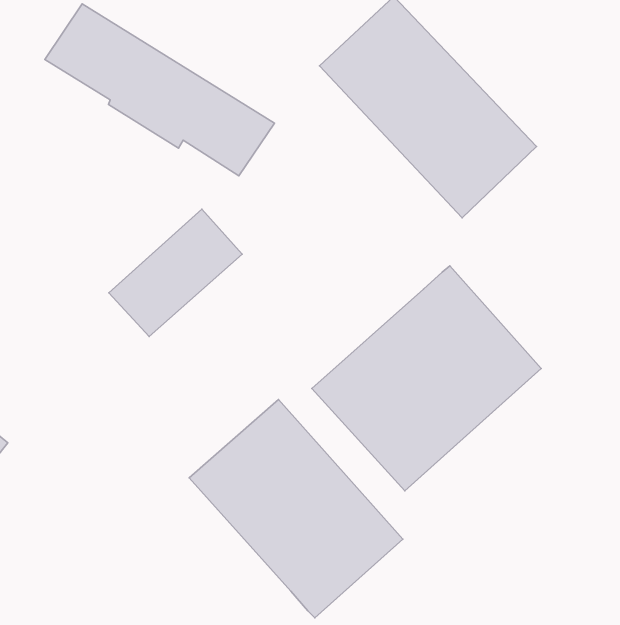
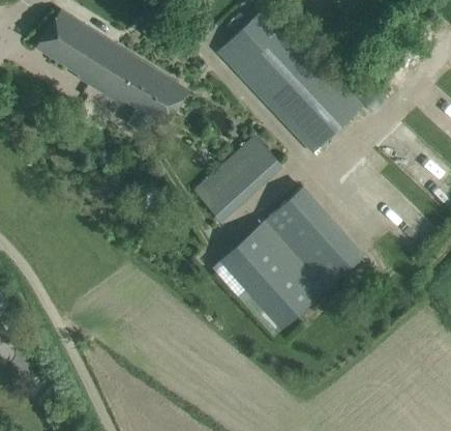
building: [109,209,242,336] -> [192,135,281,220]
building: [189,400,403,618] -> none

